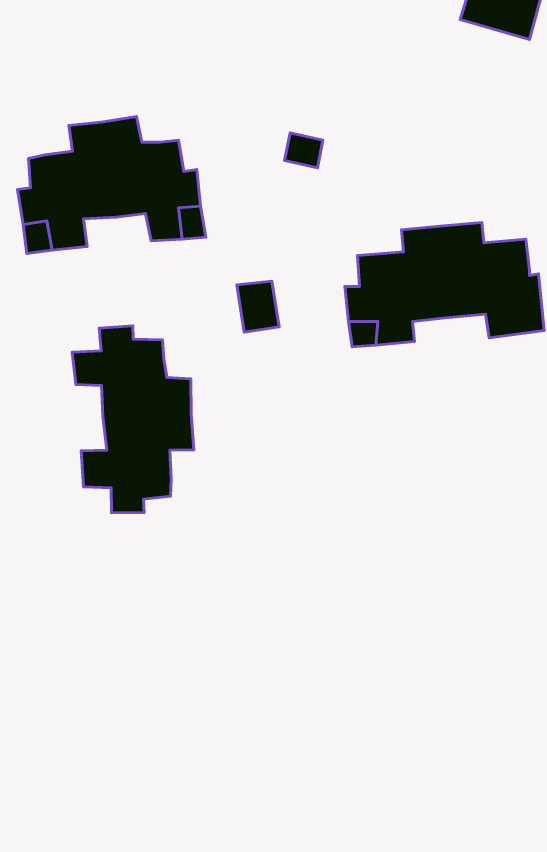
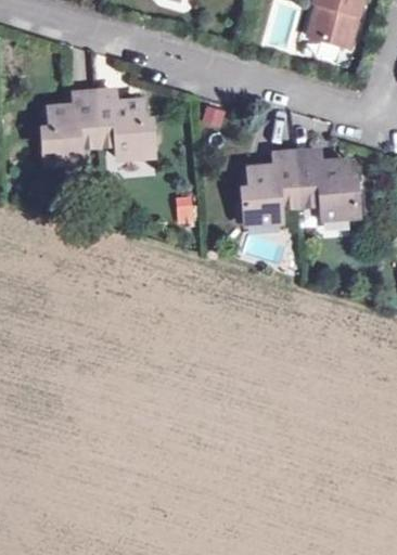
building: [72,326,194,513] -> none

